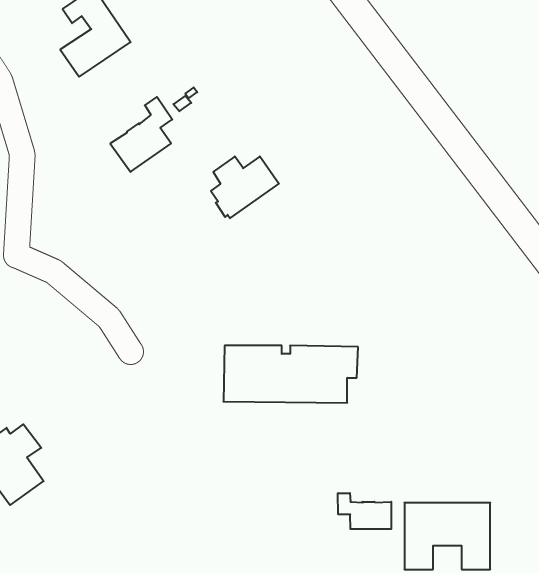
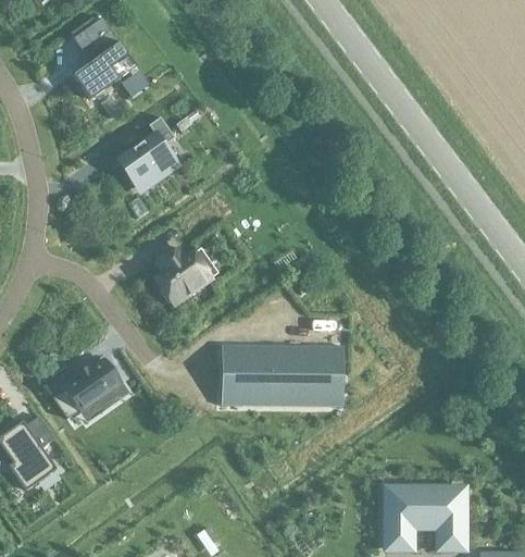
building: [211,156,279,218] -> [155,249,217,306]
building: none -> [52,359,122,420]
building: [338,493,391,529] -> none

